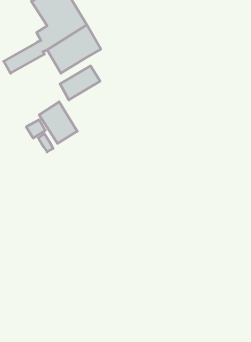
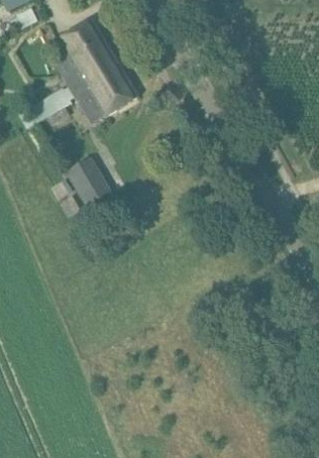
building: [60,66,100,100] -> none

